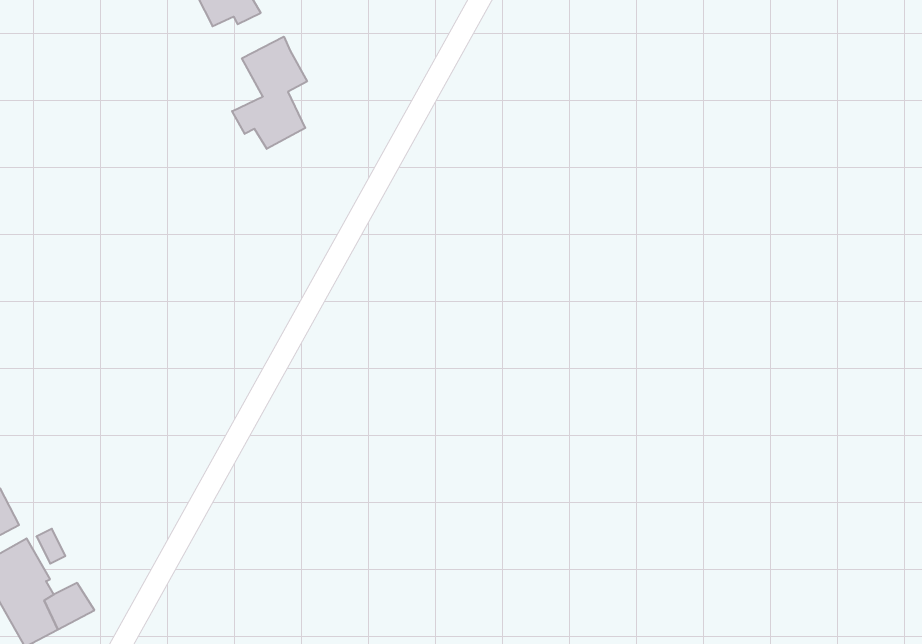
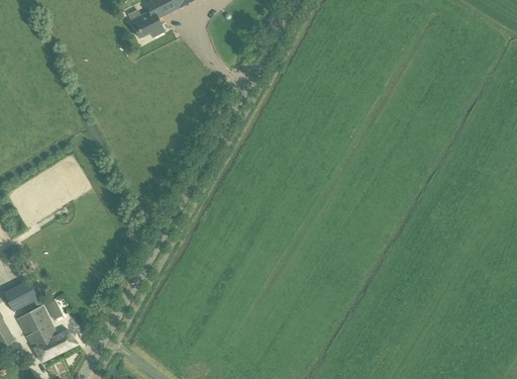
building: [232,37,307,149] -> none

